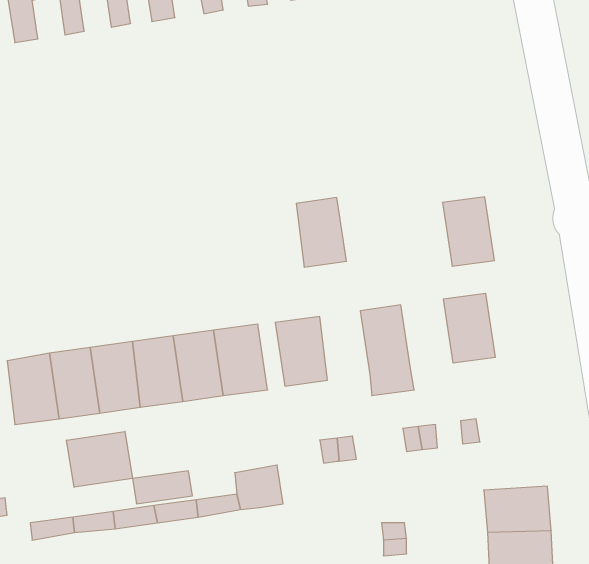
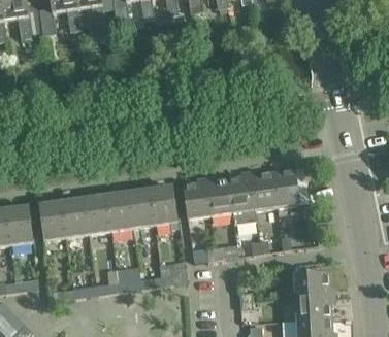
building: [442,197,494,266] -> [250,172,278,209]
building: [296,198,346,267] -> [206,178,233,215]
building: [67,431,133,487] -> none

